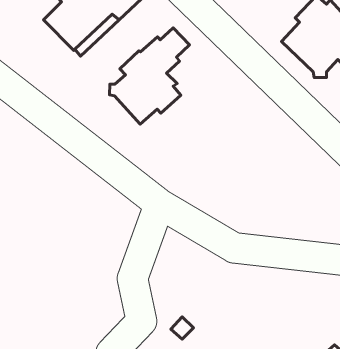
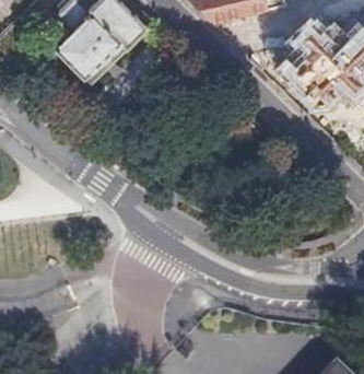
building: [110,28,189,124] -> none

